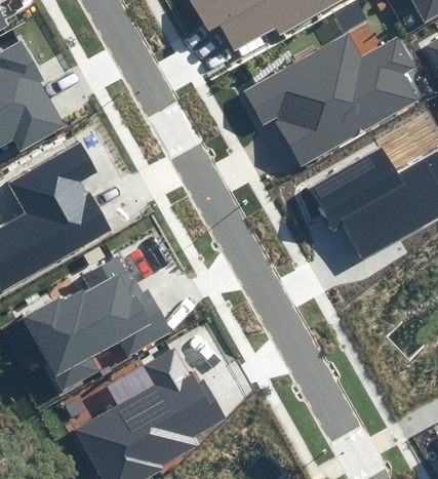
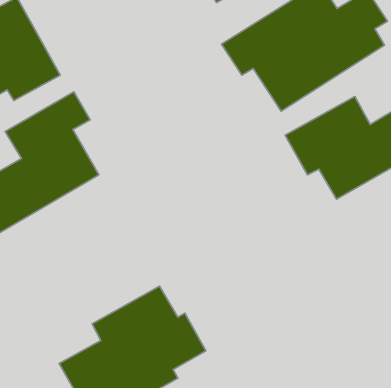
building: [25,255,175,387] -> none

